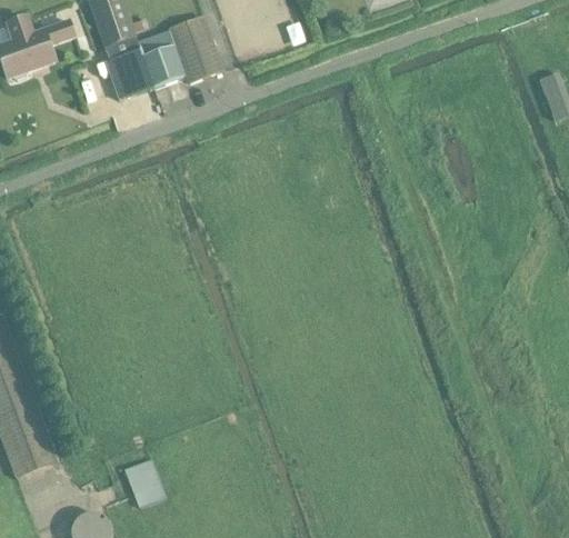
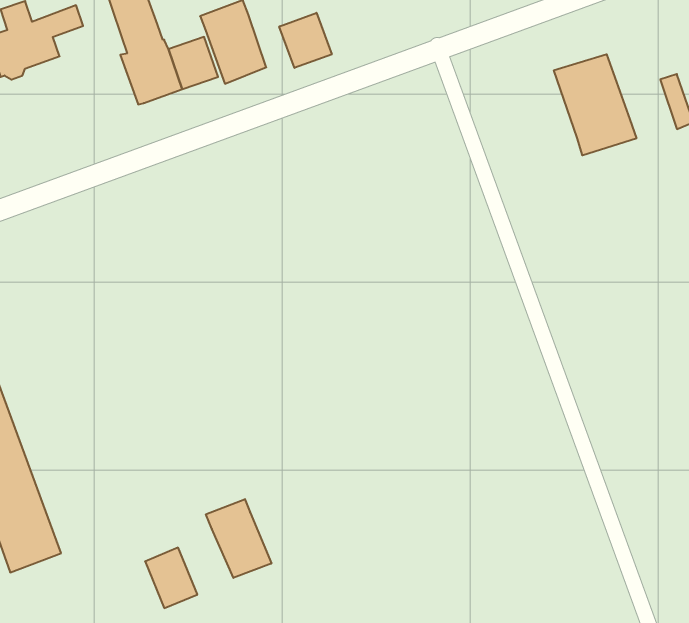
building: none -> [279,13,332,68]
building: none -> [554,54,636,155]
building: none -> [206,499,271,578]

